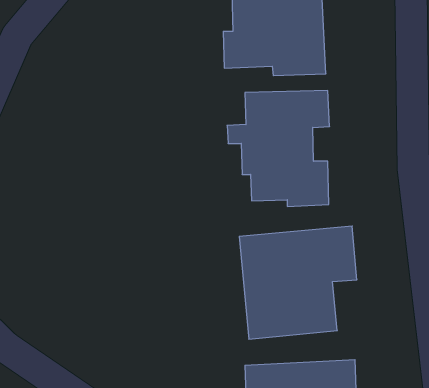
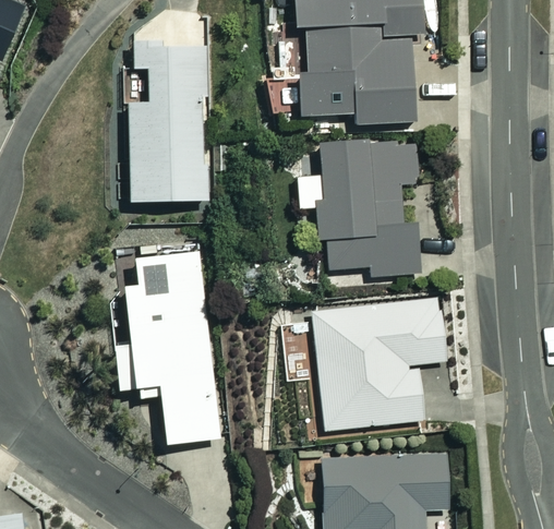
building: none -> [128,46,214,201]
building: none -> [112,251,220,443]

